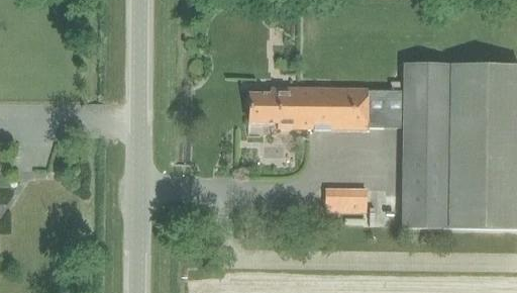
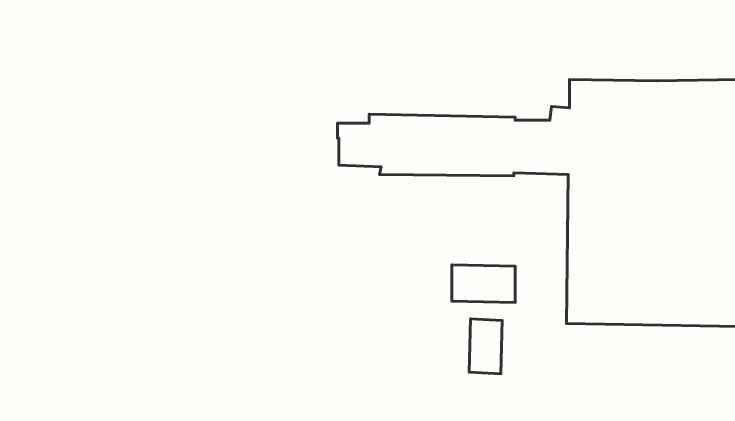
building: none -> [469,319,502,374]

